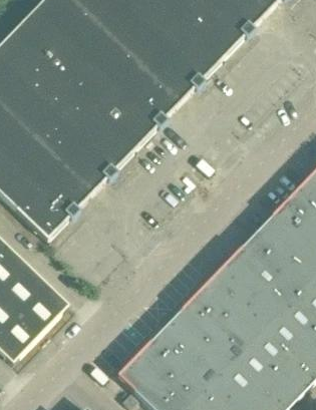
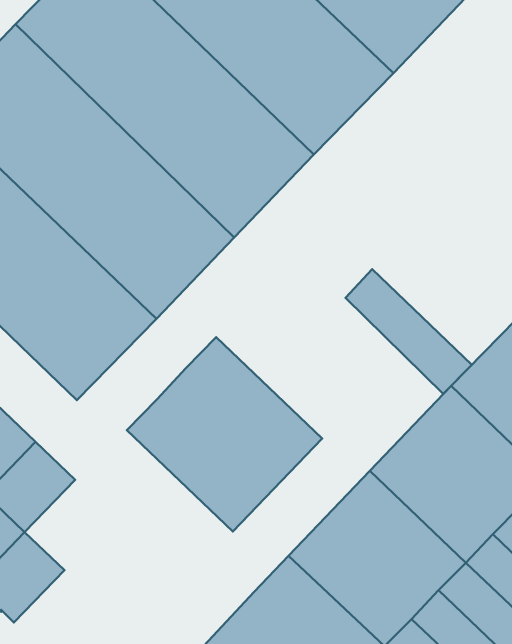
building: none -> [346,269,472,394]
building: none -> [127,337,322,532]
building: [19,283,69,333] -> none

